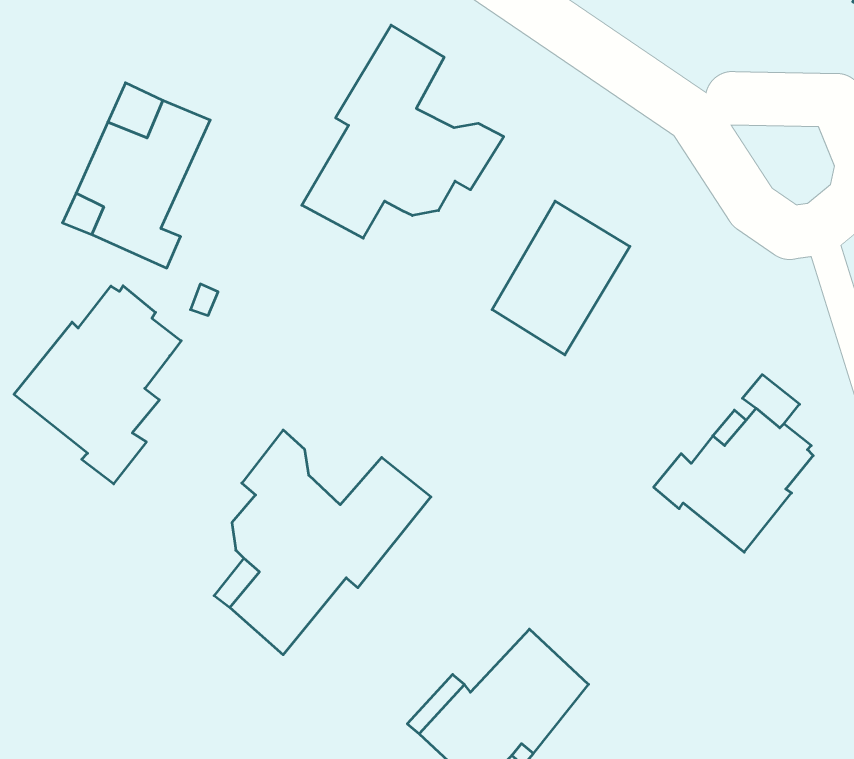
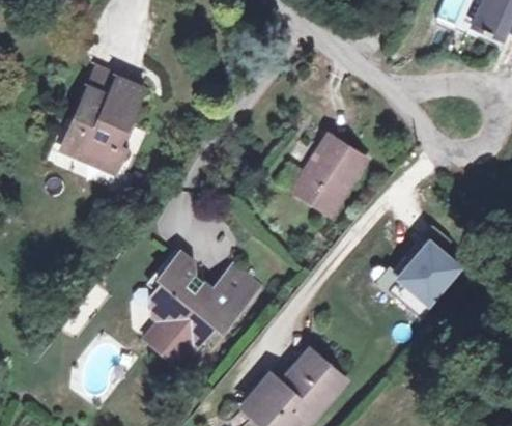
building: [302,25,504,238] -> none
building: [14,286,181,484] -> none

